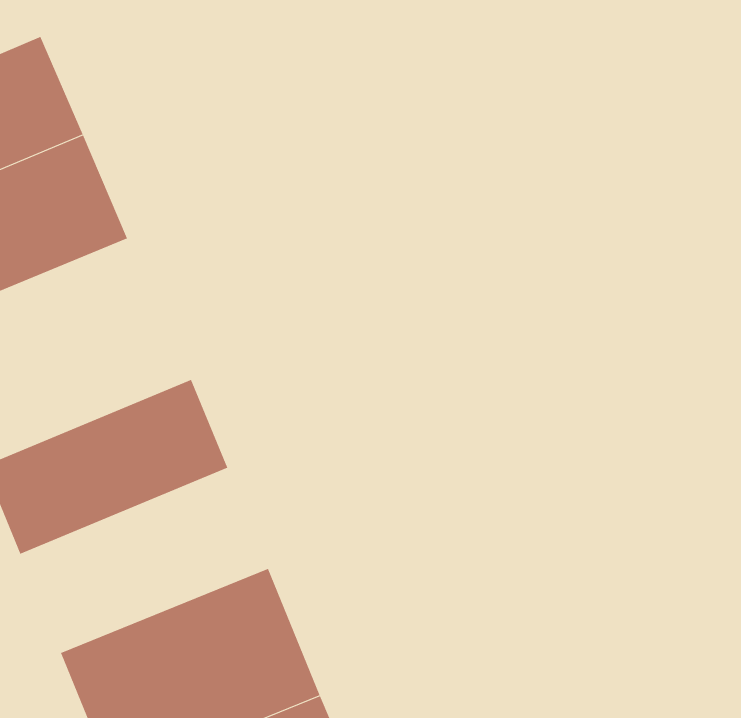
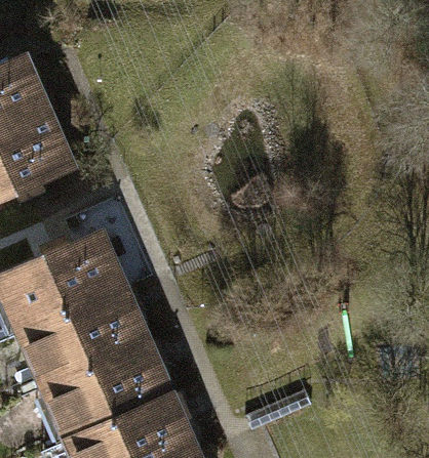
building: none -> [21,293,153,391]

